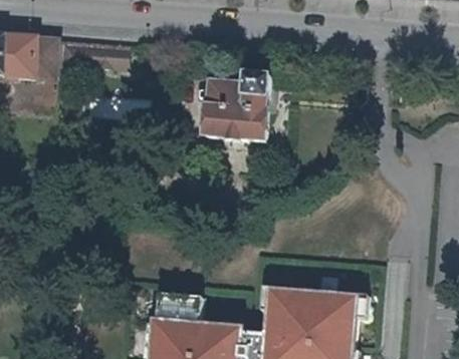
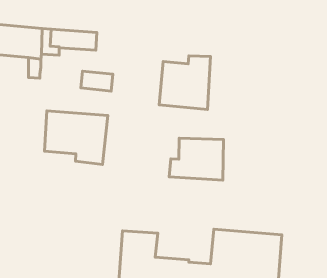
building: none -> [44,111,108,165]
building: none -> [169,138,223,180]

